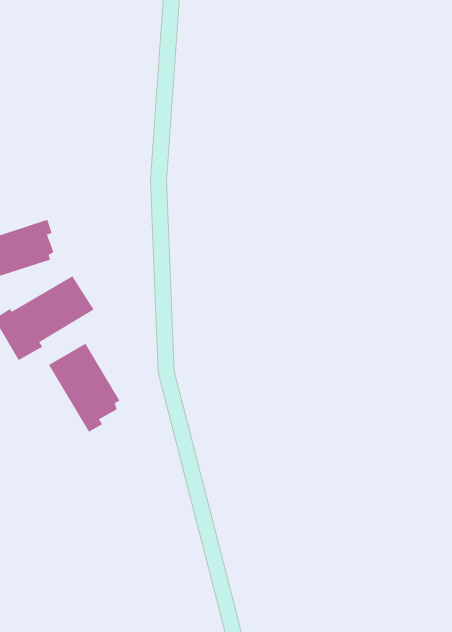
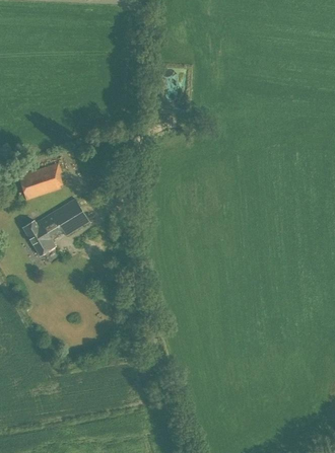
building: [48,343,120,433] -> none

